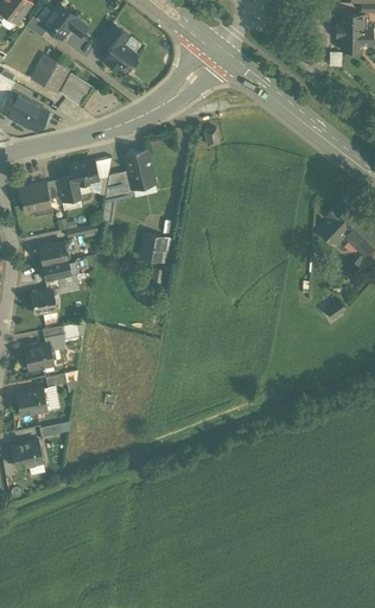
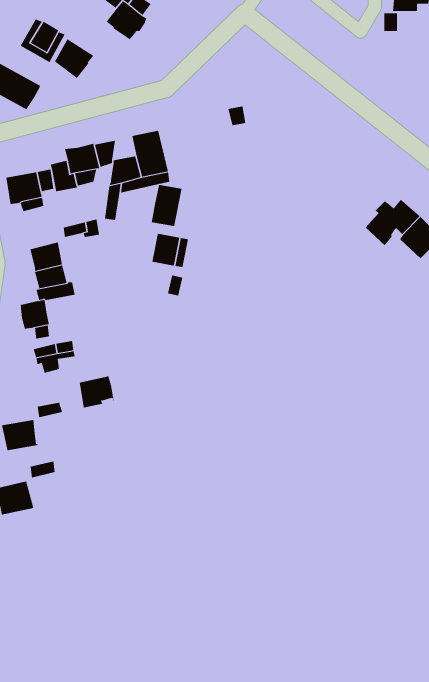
building: none -> [151,184,182,227]
building: [24,342,53,369] -> [79,375,115,408]

